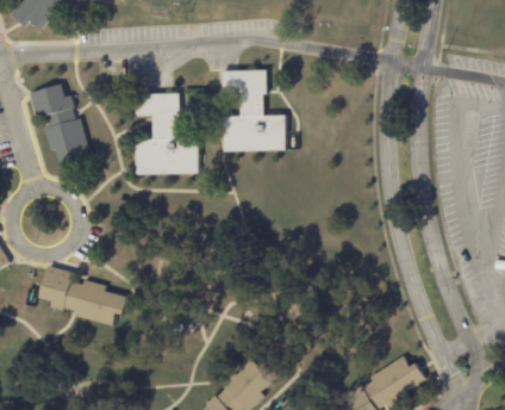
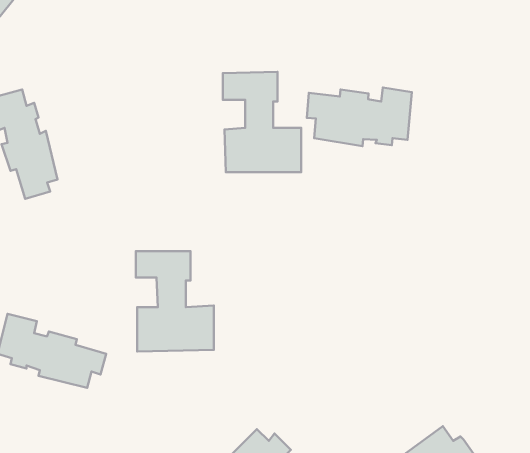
building: none -> [307,87,412,146]
building: [135,94,198,175] -> [136,251,214,351]

